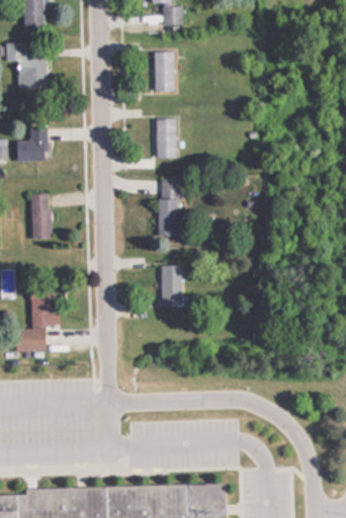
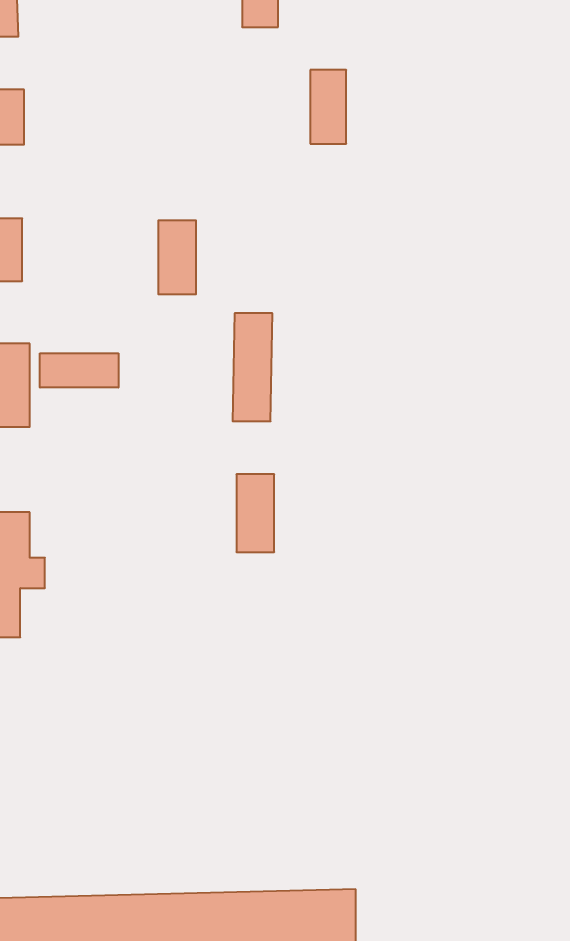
building: [154,52,173,91] -> [310,70,346,144]
building: [156,118,176,158] -> [158,220,196,294]
building: none -> [40,353,118,388]

